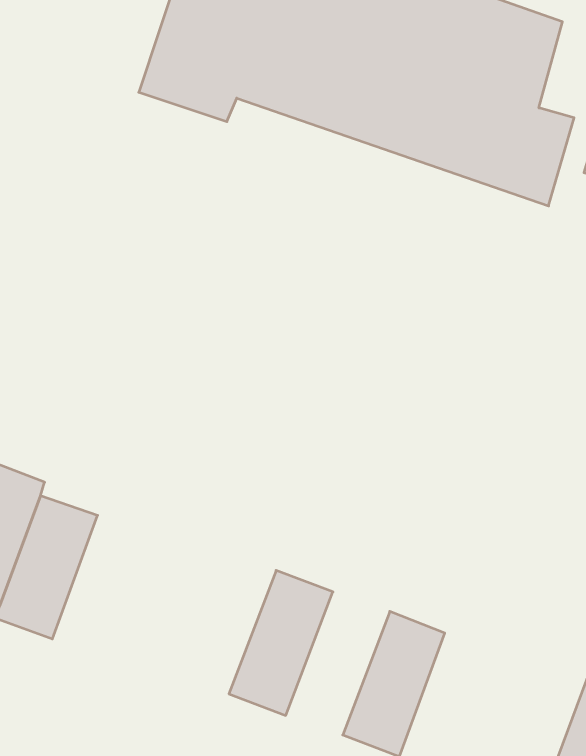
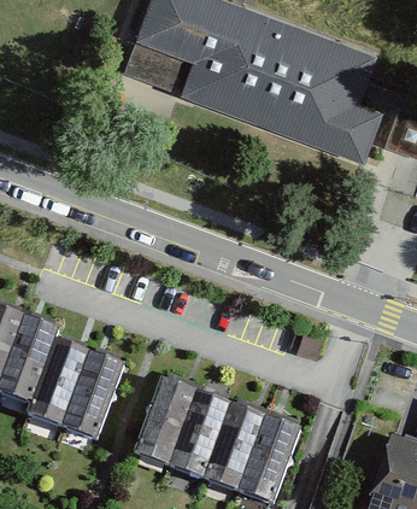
building: none -> [60,355,123,444]
building: none -> [134,375,198,464]
building: none -> [204,402,268,490]

